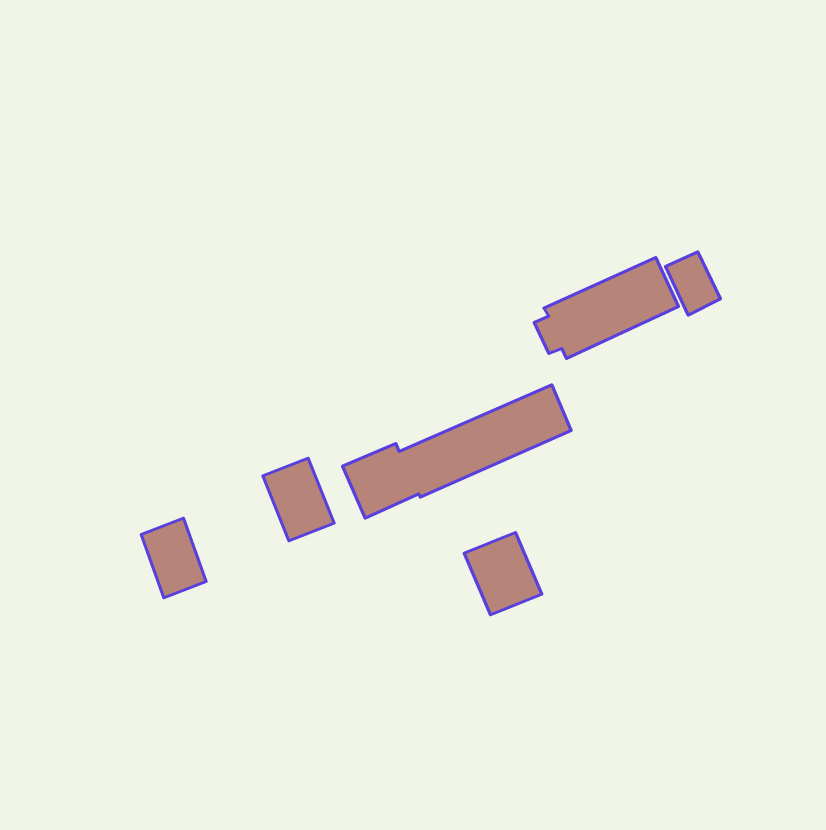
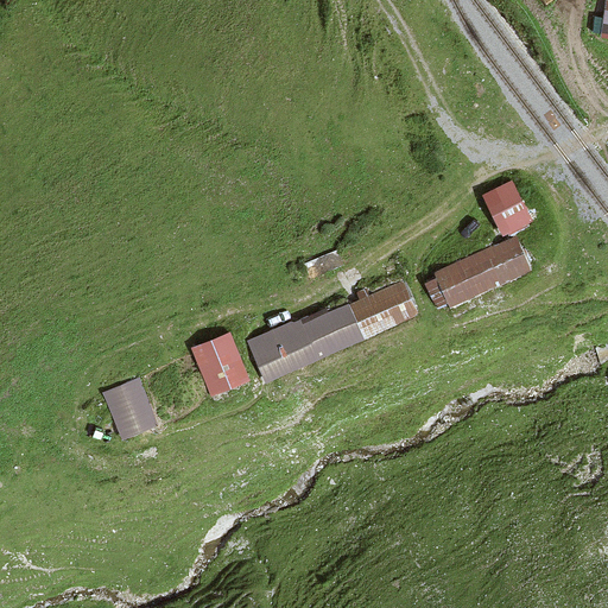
building: [534,258,679,358] -> [424,235,530,309]
building: [464,533,542,615] -> none

